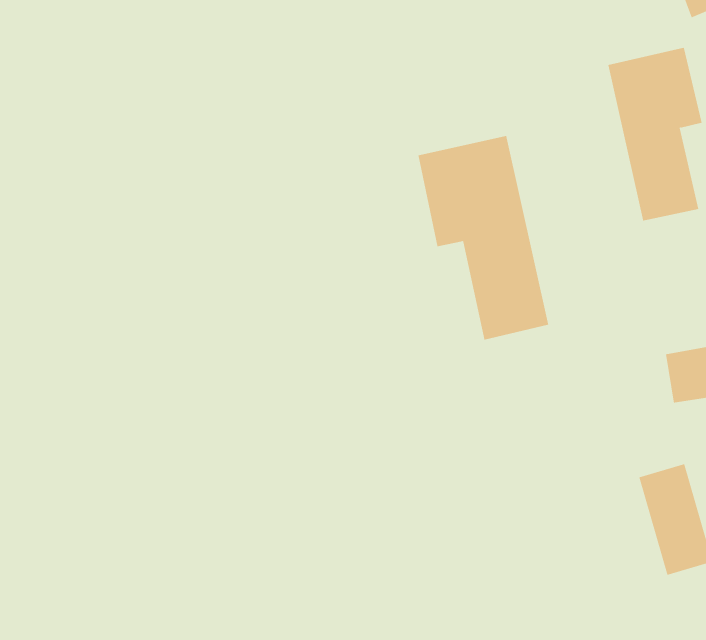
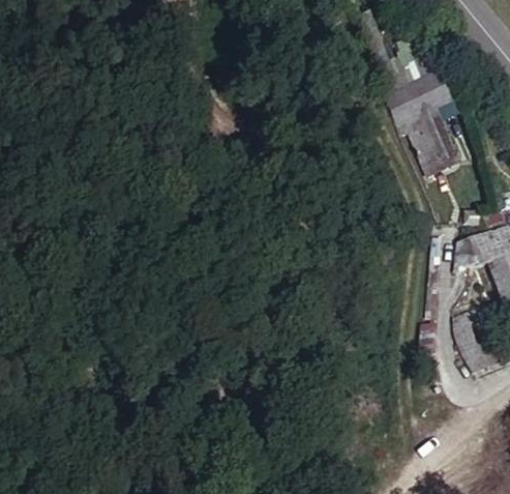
building: [418,135,549,341] -> none

